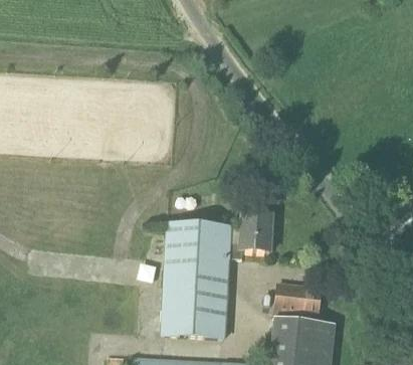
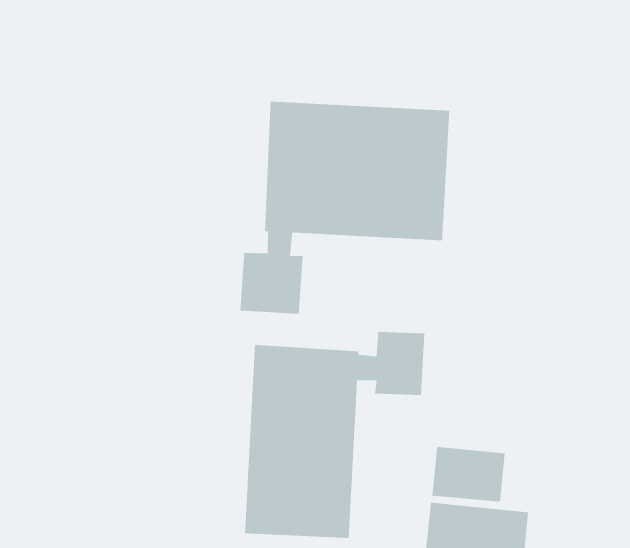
building: none -> [240,101,450,314]

